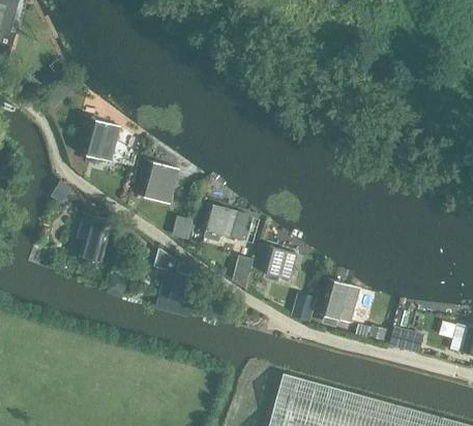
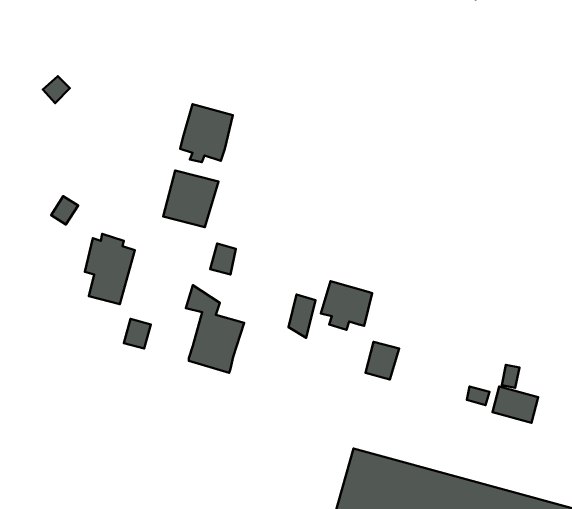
building: [80,118,120,162] -> [180,104,233,162]
building: [201,203,249,240] -> none
building: [320,278,361,323] -> none

